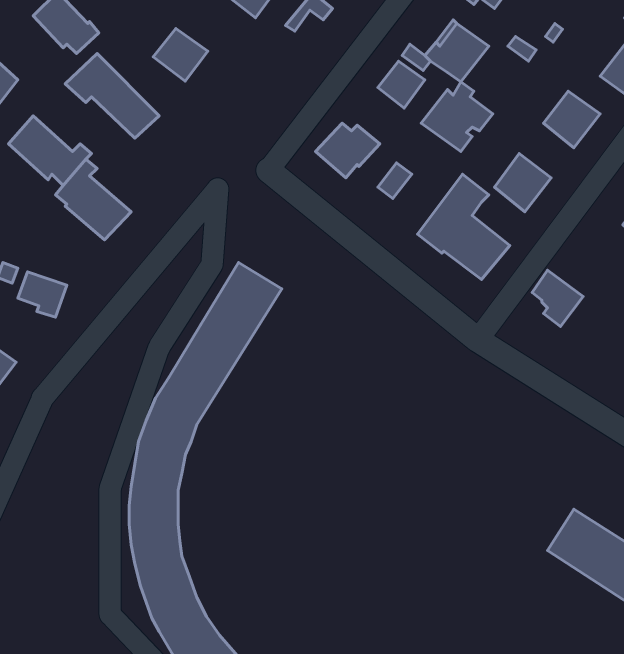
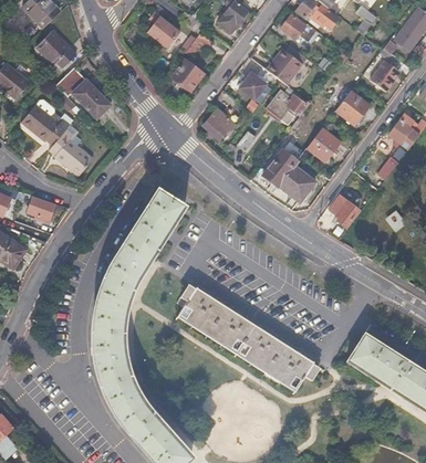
building: [153,28,208,81] -> [172,59,204,90]
building: none -> [175,292,309,392]

